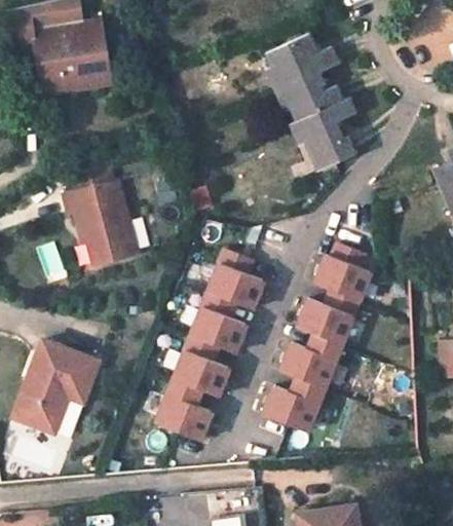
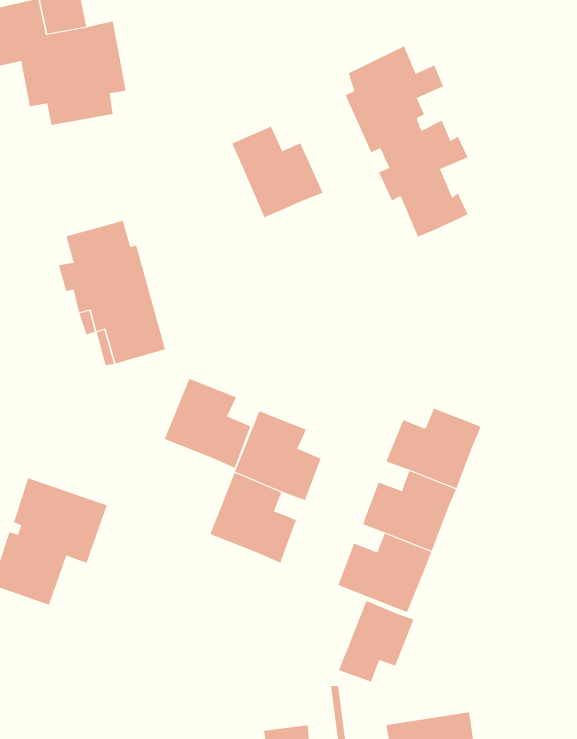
building: none -> [231,126,323,218]
building: [311,242,373,304] -> none
building: [204,250,266,313] -> [164,378,251,468]
building: [152,380,214,444] -> none
building: none -> [338,600,414,682]

